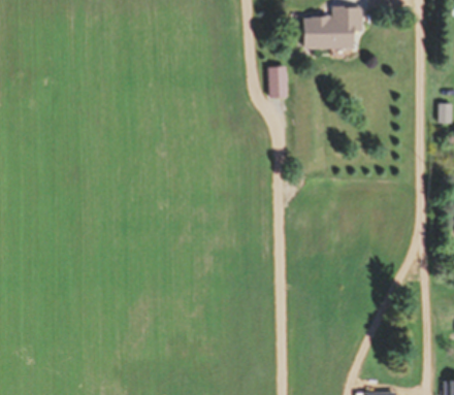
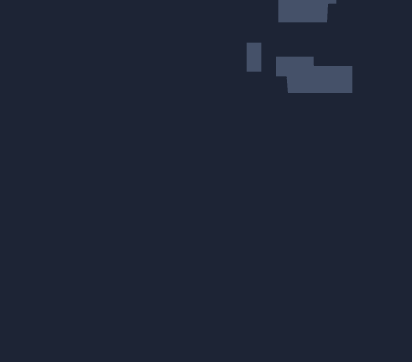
building: none -> [276,56,353,94]

